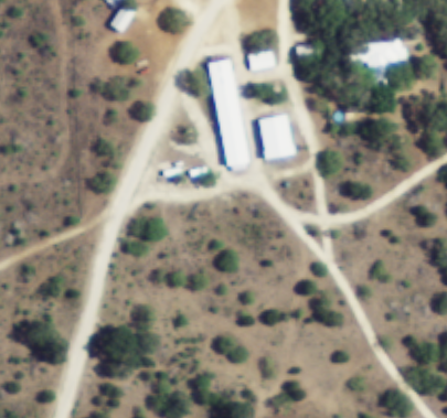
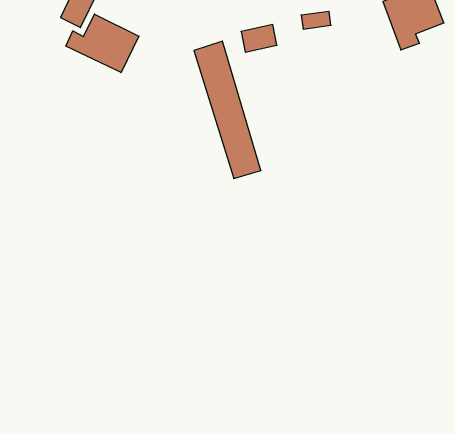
building: none -> [66,14,139,73]
building: [260,114,294,158] -> none

